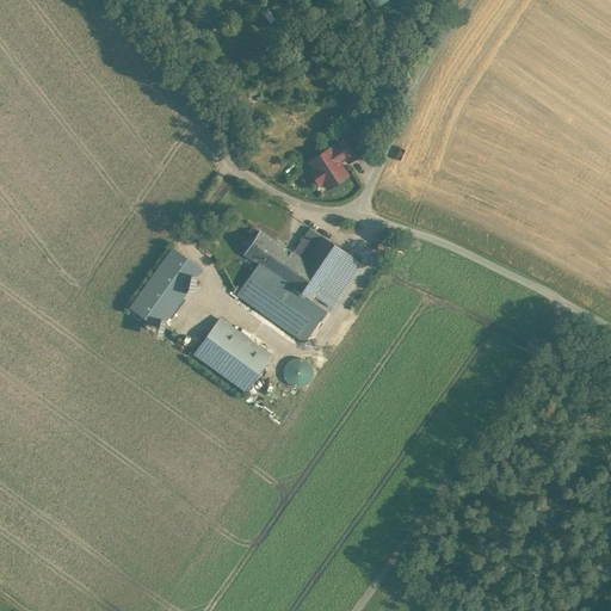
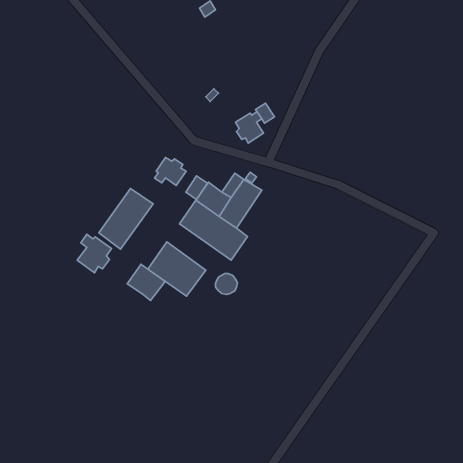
building: none -> [154,157,186,186]
building: [311,251,360,311] -> none
building: none -> [77,234,112,273]
building: none -> [127,264,165,301]

